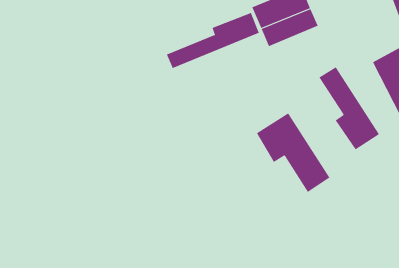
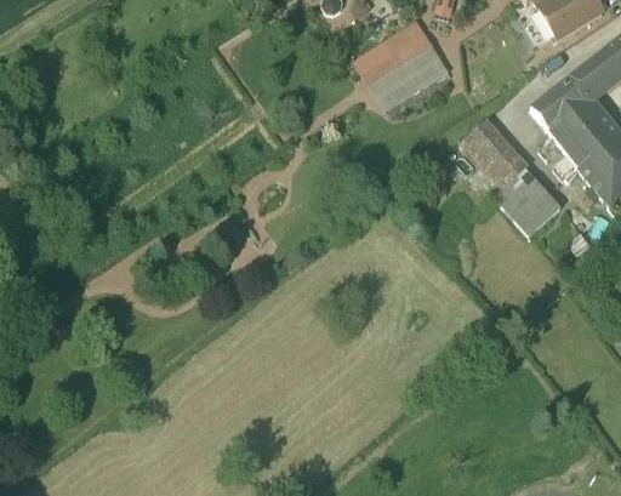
building: [166,12,259,69] -> none
building: [256,112,330,193] -> none

